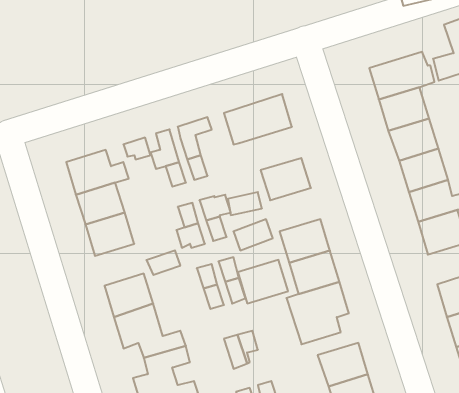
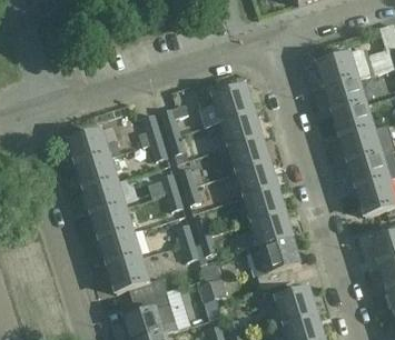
building: none -> [209,108,260,147]
building: none -> [91,203,131,238]
building: [238,260,288,303] -> [235,158,276,193]

